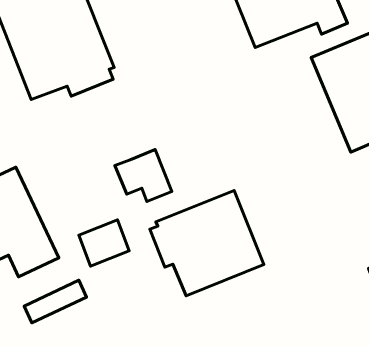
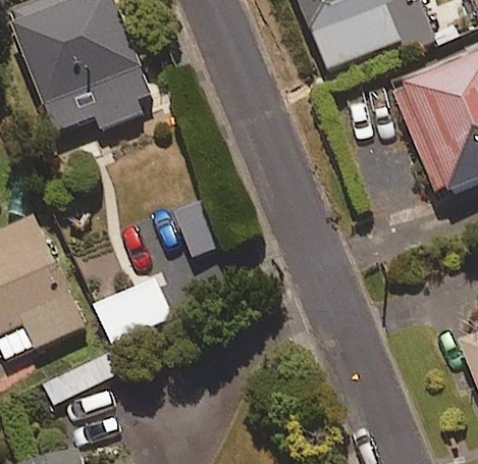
building: [150,191,264,296] -> none

